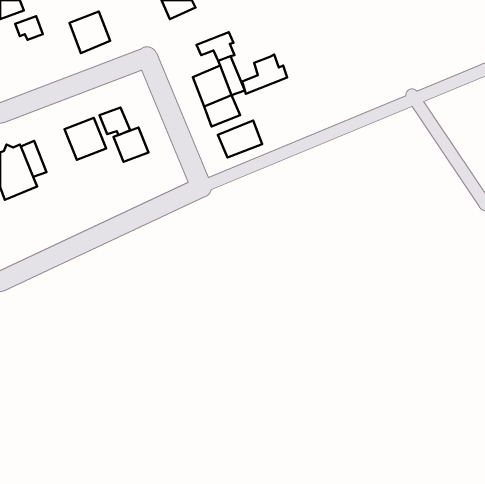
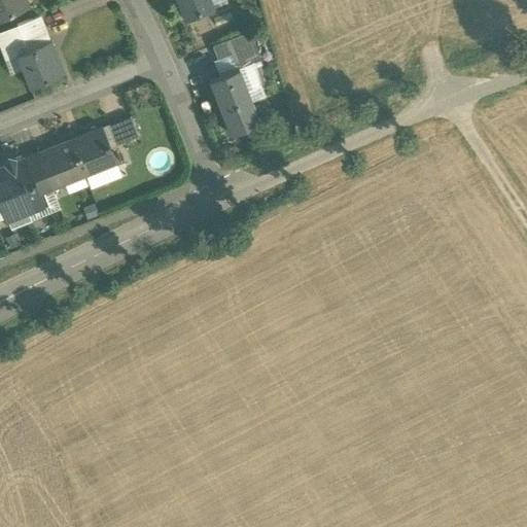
building: [70,11,110,53] -> [17,45,62,91]
building: [242,55,287,94] -> none
building: [218,120,262,158] -> none
building: [113,128,148,162] -> none
building: none -> [37,142,83,188]

